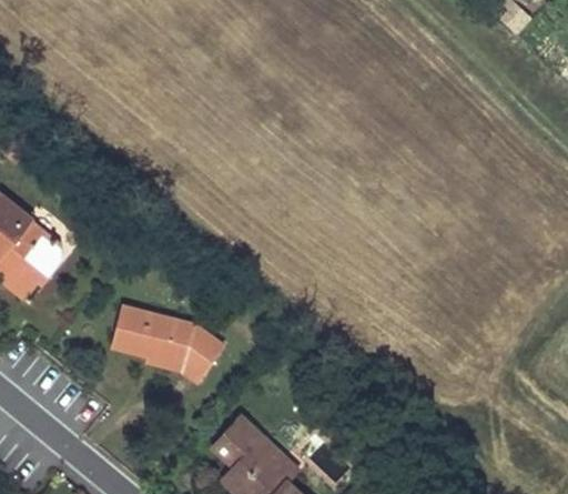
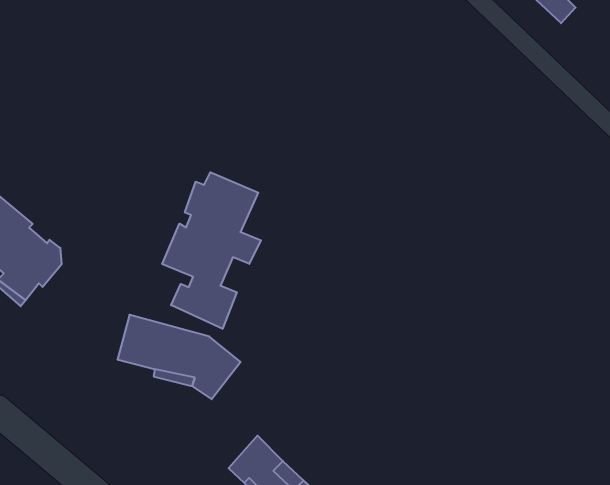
building: none -> [162,172,261,329]

